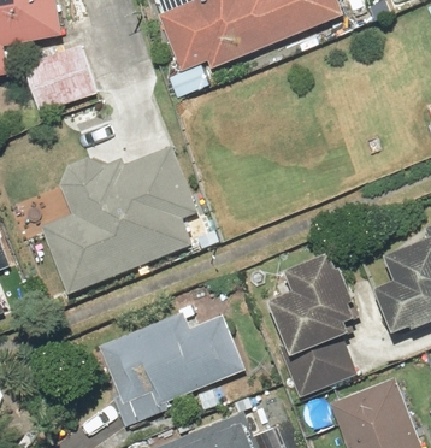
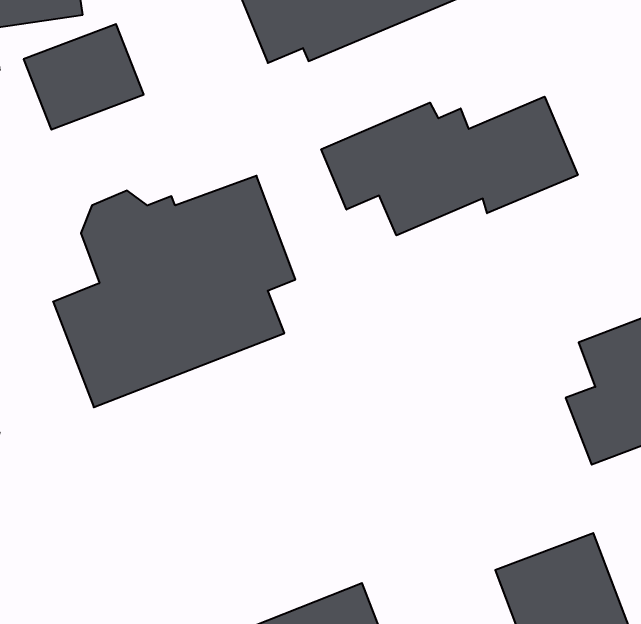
building: none -> [321,97,578,235]
building: [262,254,359,395] -> none
building: [100,312,242,428] -> none

